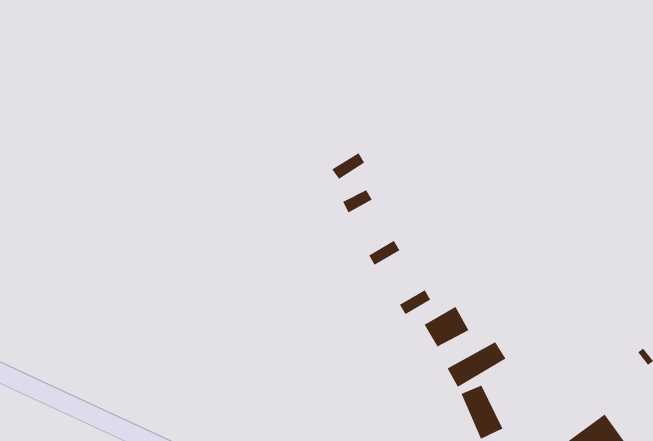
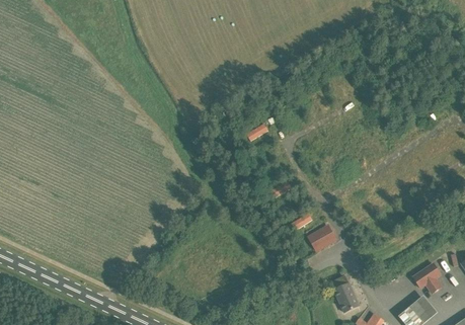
building: [447,341,507,388] -> none
building: none -> [413,262,442,293]

